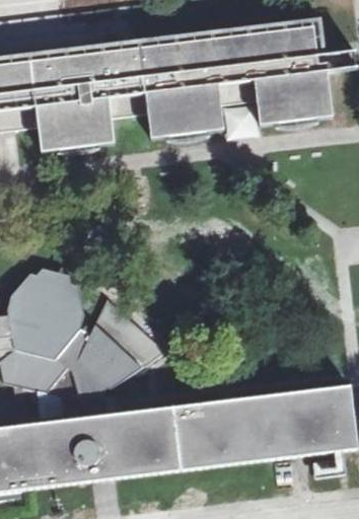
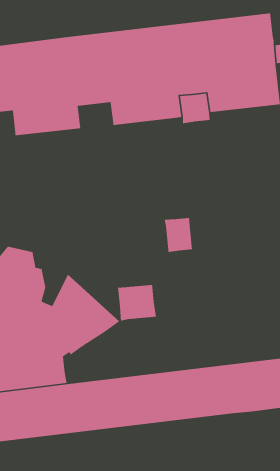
building: none -> [164,217,193,253]
building: none -> [117,284,157,322]

